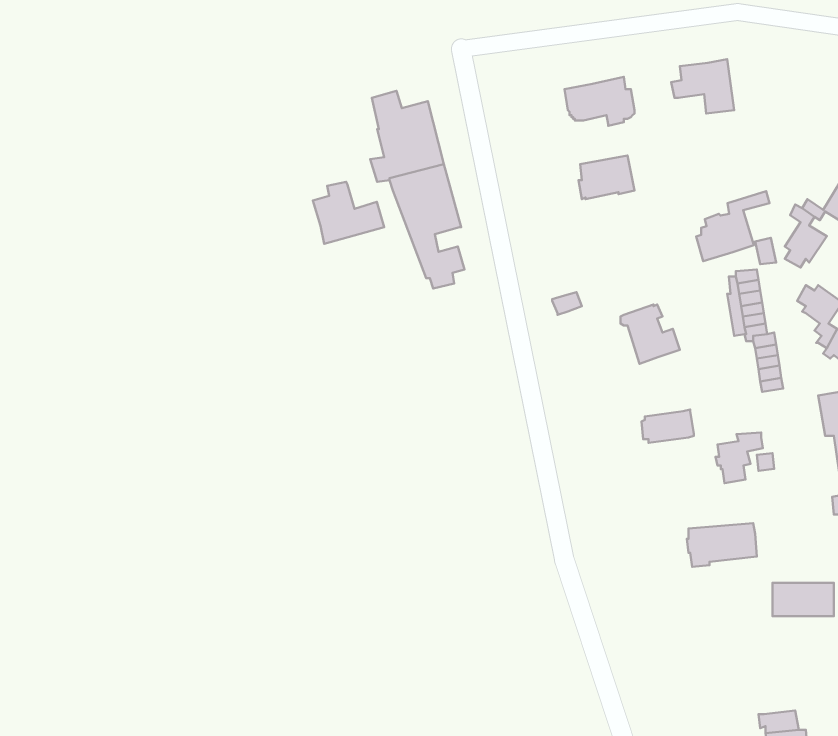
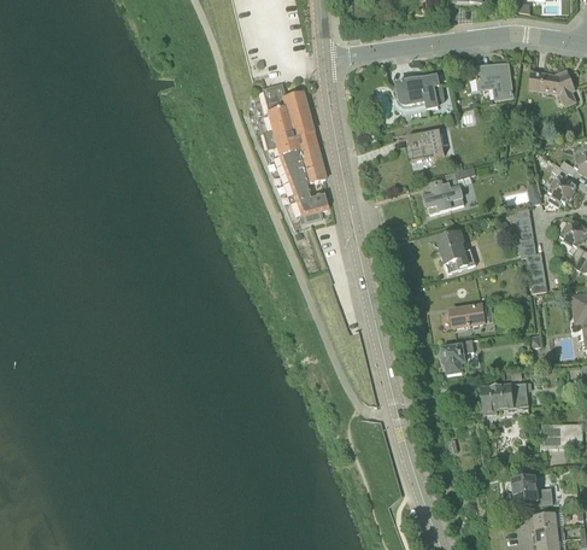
building: none -> [530,72,575,105]
building: [313,182,384,244] -> none
building: [696,191,770,261] -> [425,165,476,213]
building: [716,432,763,483] -> [441,339,474,374]
building: none -> [507,478,553,505]

